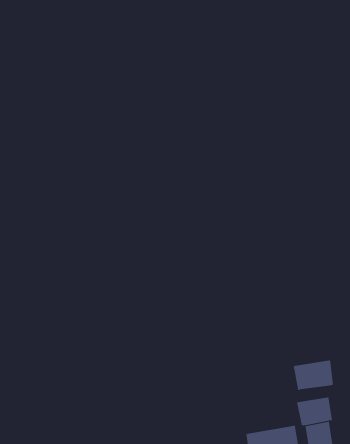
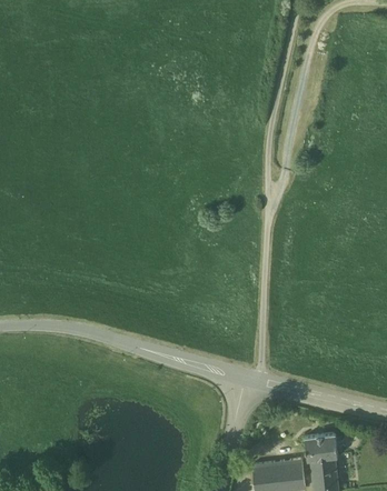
building: [293,359,334,391] -> none

